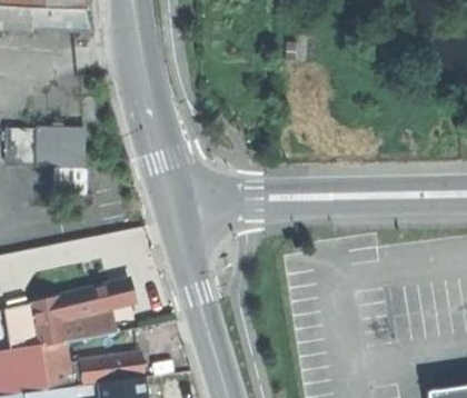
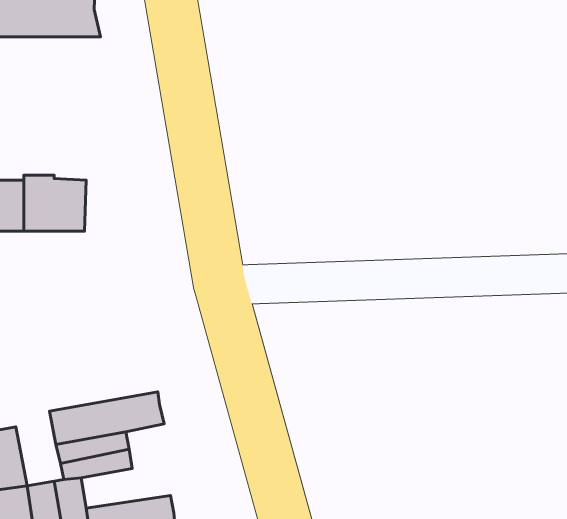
building: [33,292,68,345] -> none

